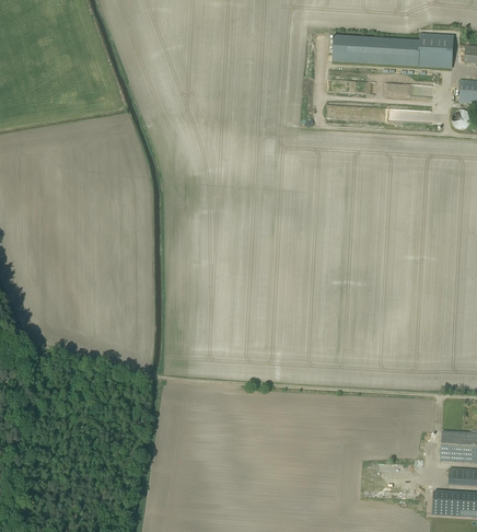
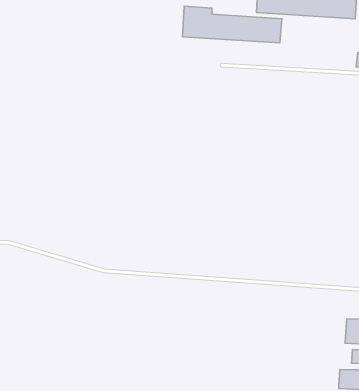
building: none -> [182,6,282,43]

